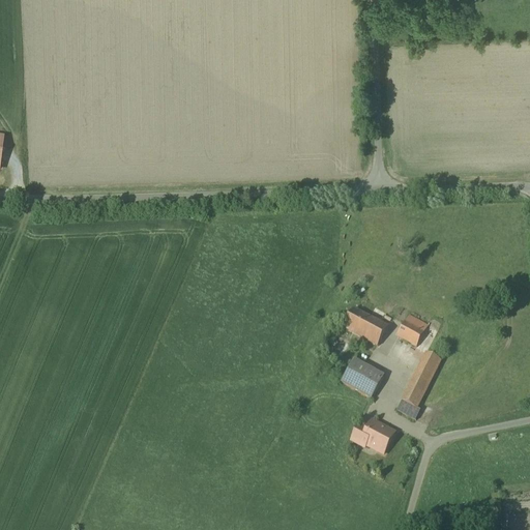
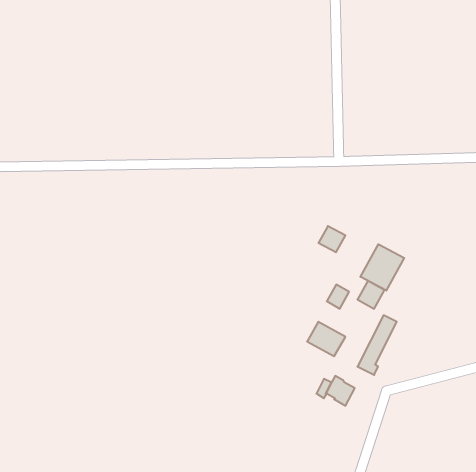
building: none -> [360,244,404,291]
building: [343,305,373,334] -> [318,226,345,252]

